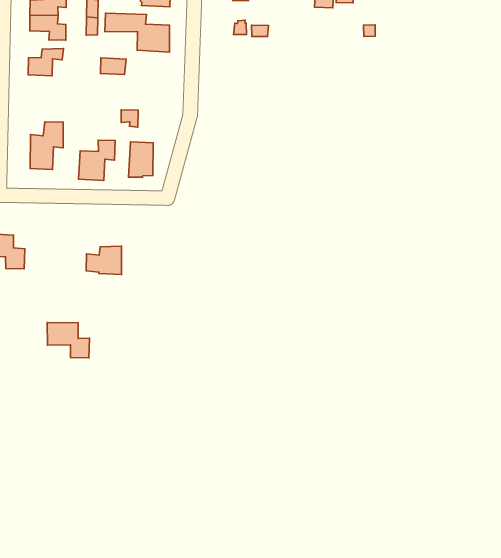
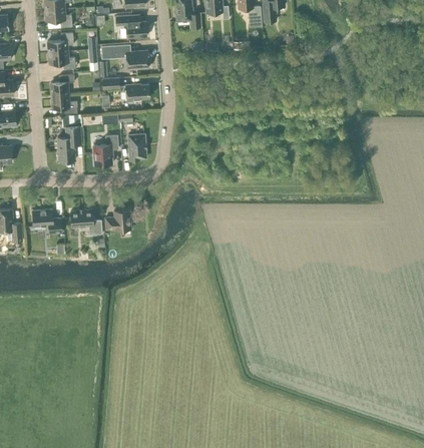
building: none -> [125,83,149,100]
building: none -> [51,93,77,113]
building: [47,322,90,358] -> [70,208,102,234]

